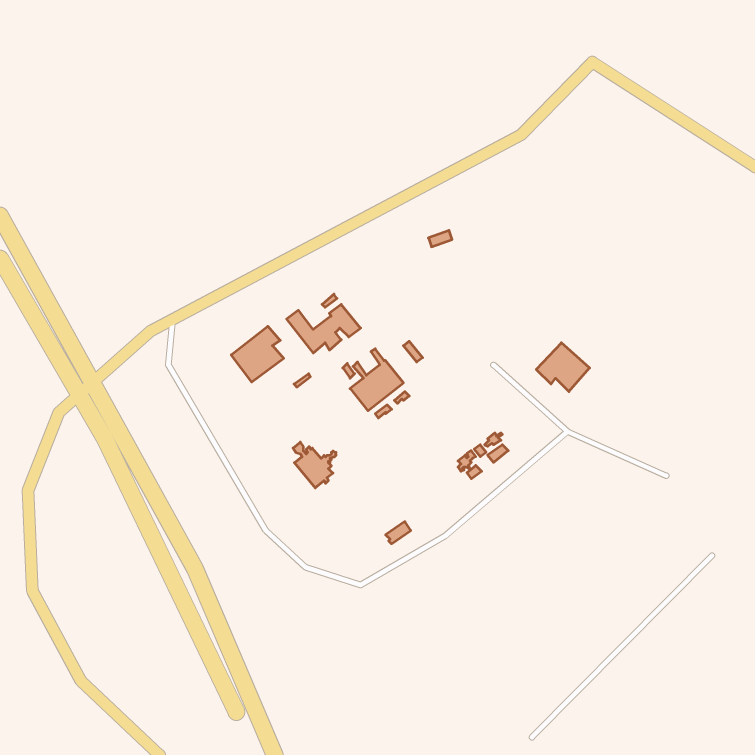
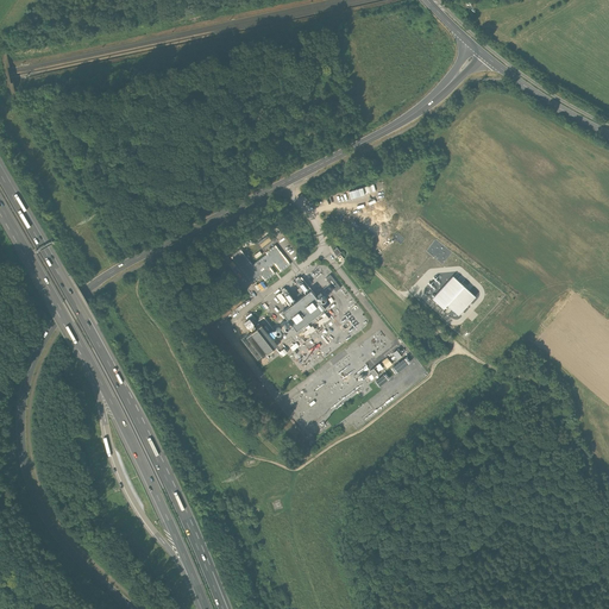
building: [231,326,284,382] -> none
building: [293,442,336,488] -> [245,321,280,358]

